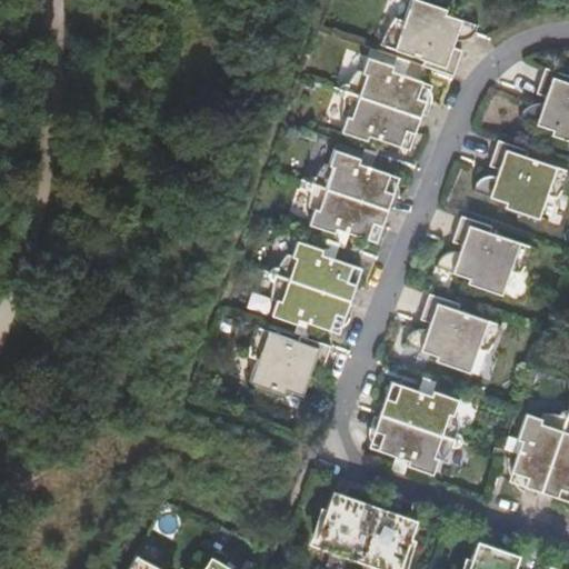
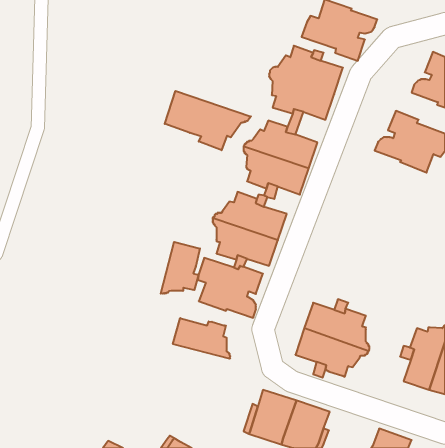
building: none -> [165,91,251,150]
building: [433,217,531,295] -> none
building: [405,293,501,372] -> none
building: none -> [161,242,200,294]
building: none -> [173,318,230,359]

